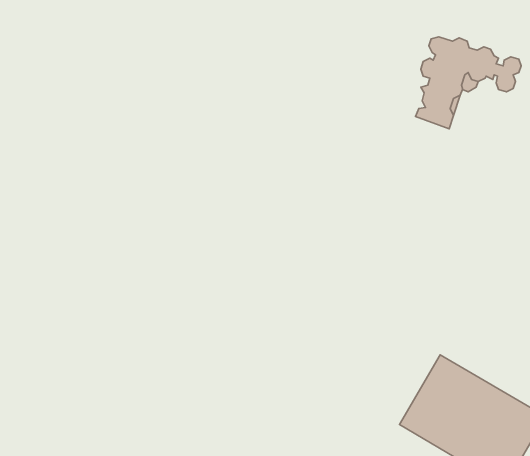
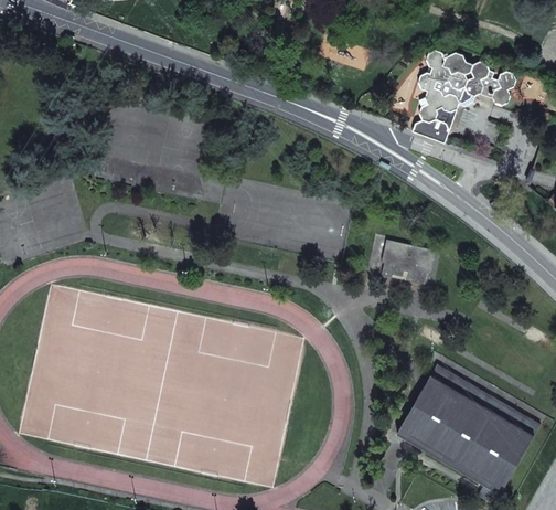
building: none -> [381,241,435,285]

